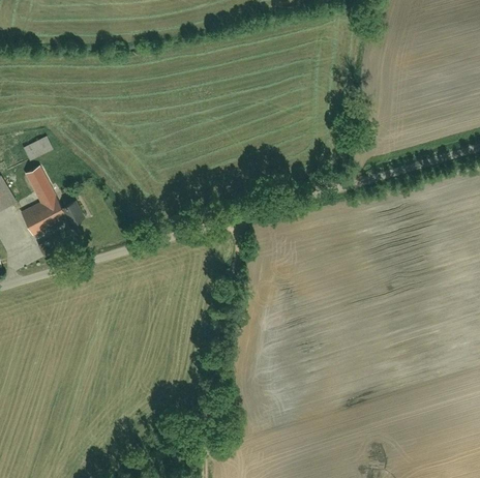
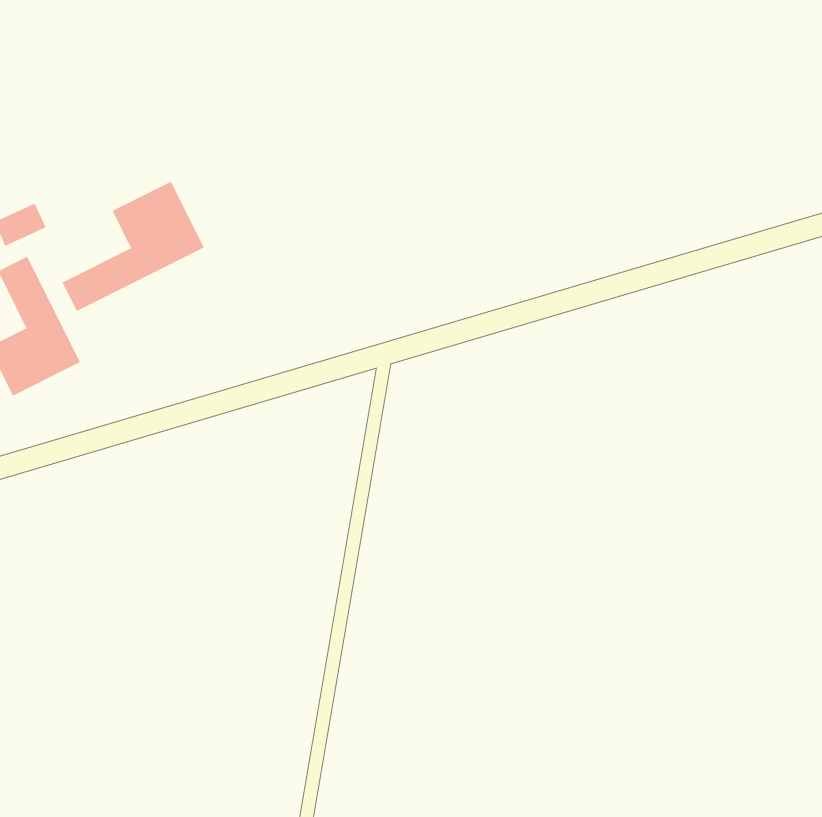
building: none -> [62,181,205,312]

